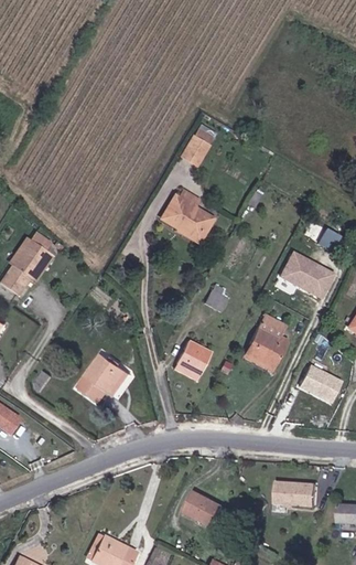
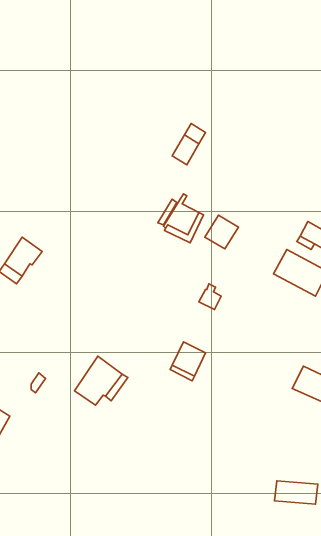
building: none -> [205,215,238,249]
building: [249,327,290,364] -> none
building: [185,492,222,523] -> none

